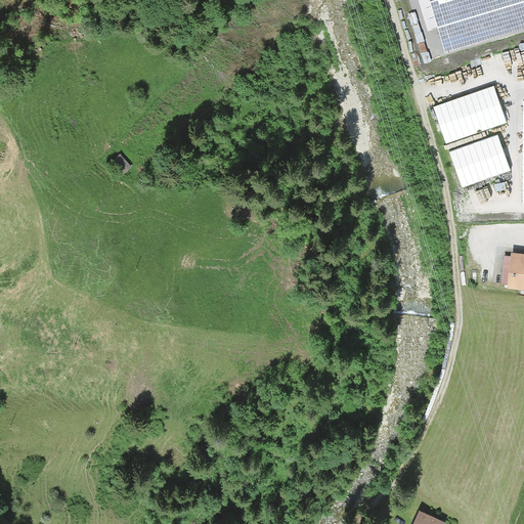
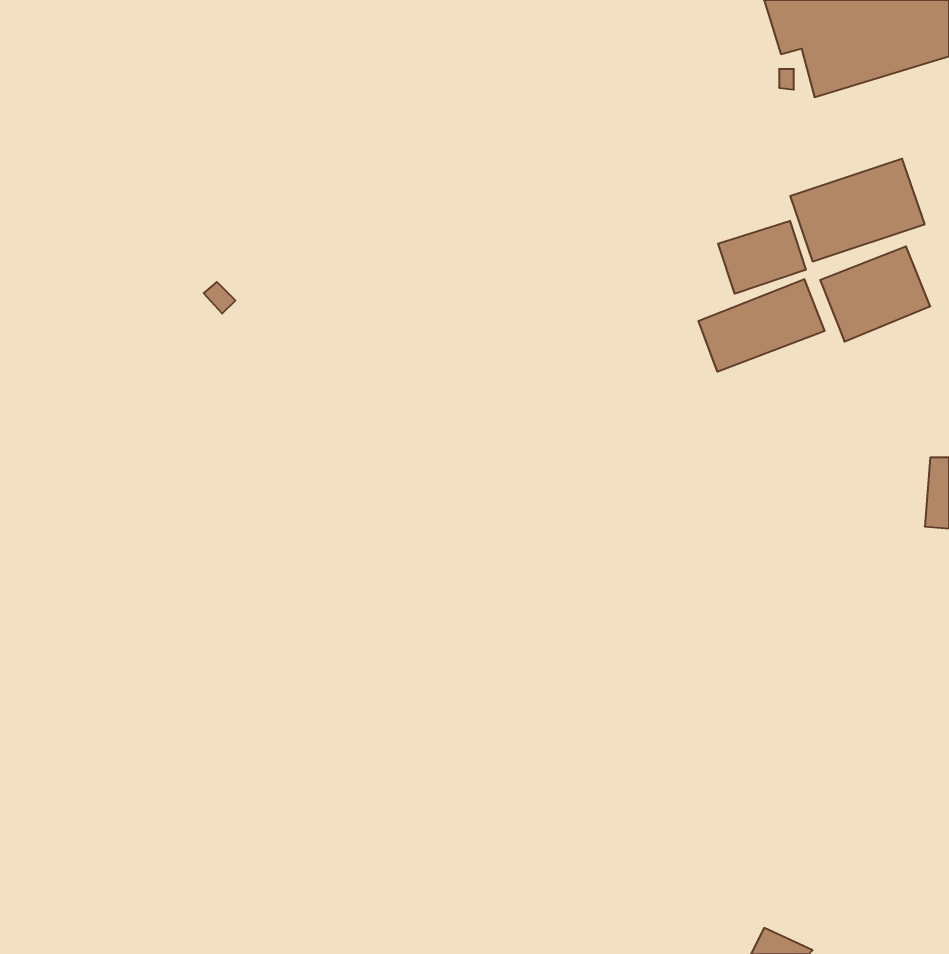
building: none -> [718,221,806,294]
building: none -> [698,279,825,372]

